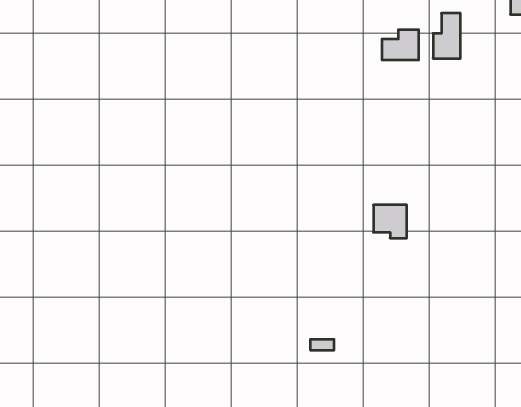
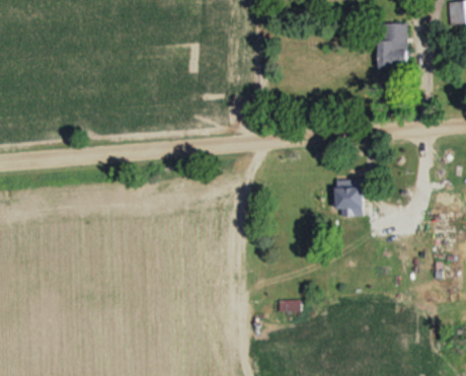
building: [382,30,419,60] -> none

